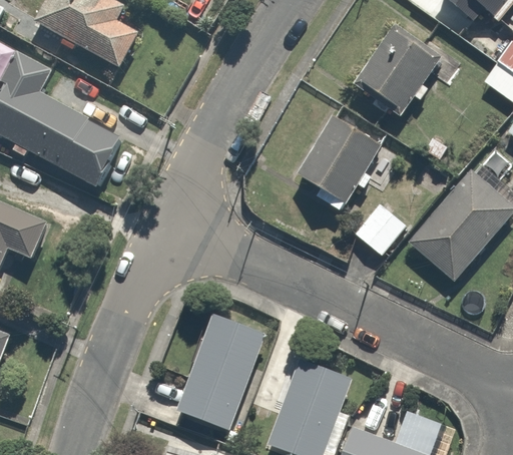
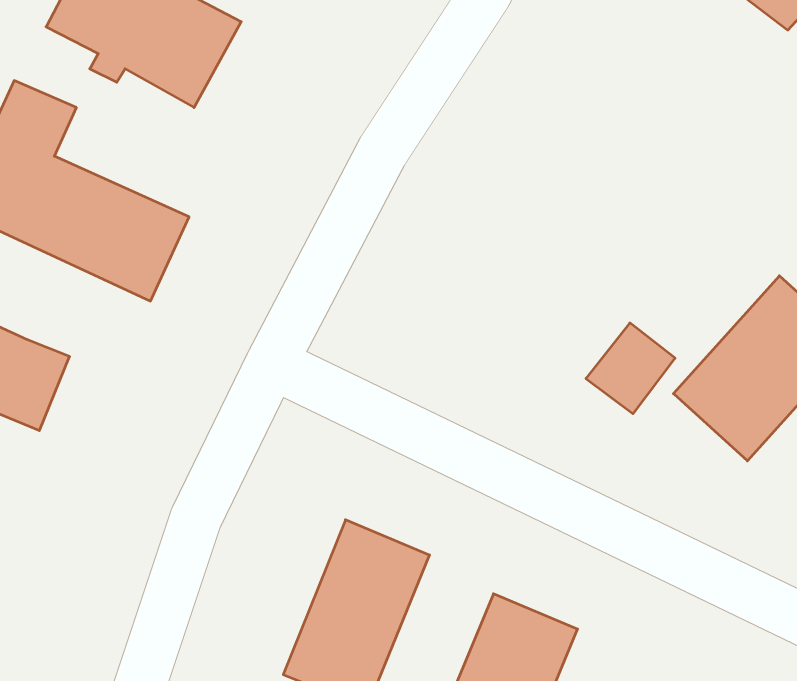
building: [355,26,440,117] -> none
building: [297,110,386,204] -> none

